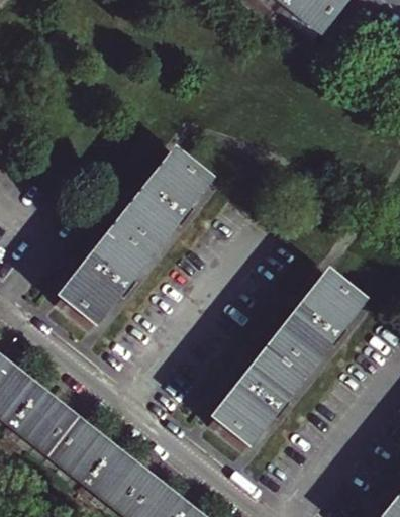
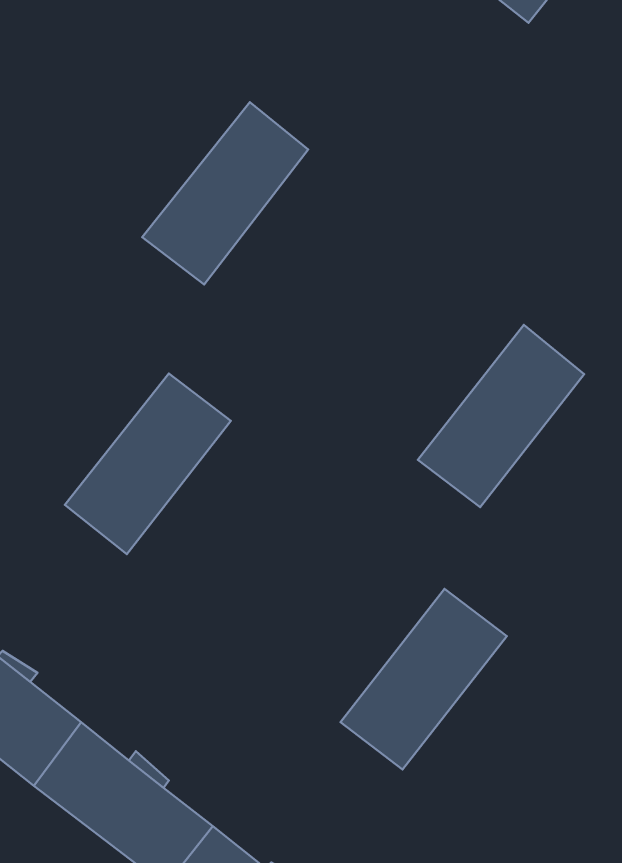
building: [120,150,212,251] -> [142,102,308,285]
building: [273,270,365,371] -> [418,325,584,507]

